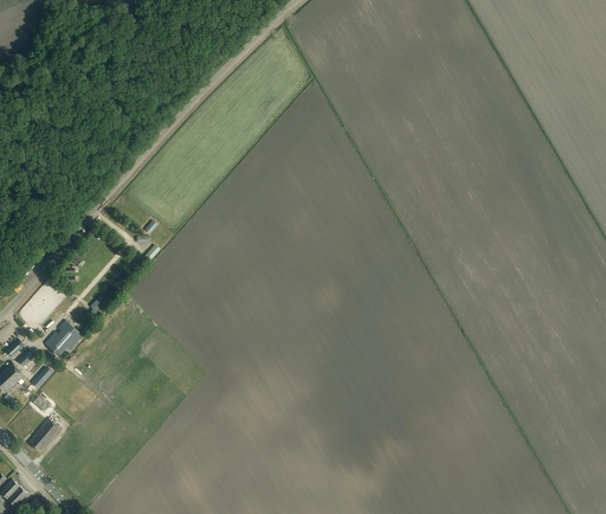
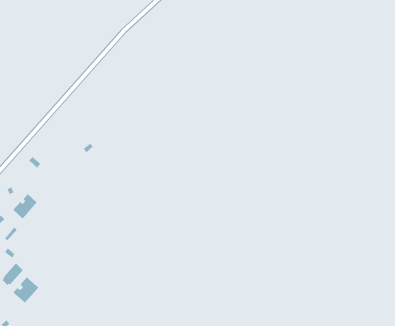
building: none -> [12,276,39,303]

